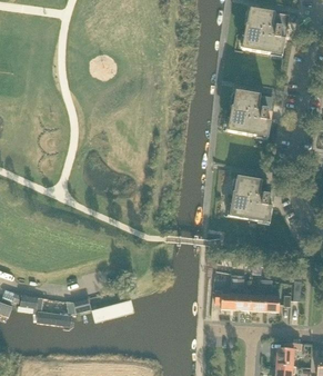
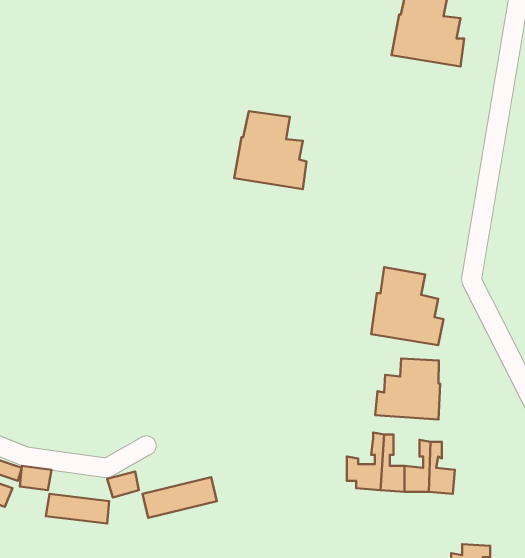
building: [228,91,271,138] -> [234,111,307,189]
building: none -> [375,359,440,420]

